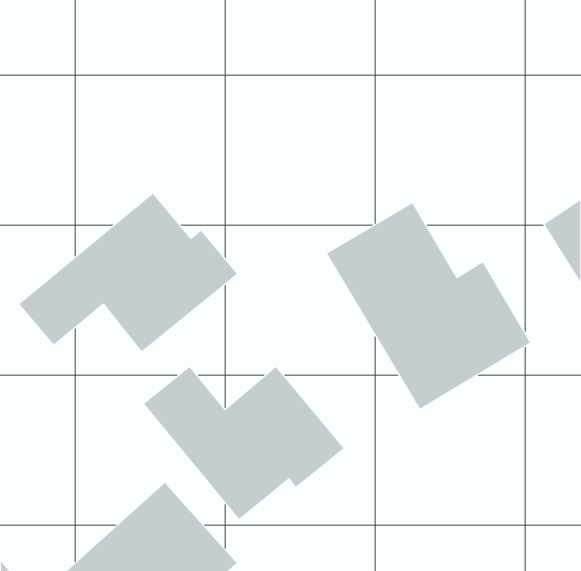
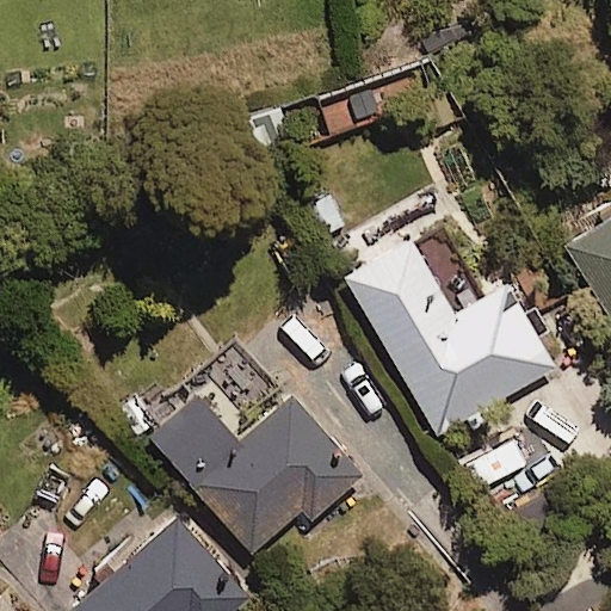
building: [18,193,238,352] -> none

